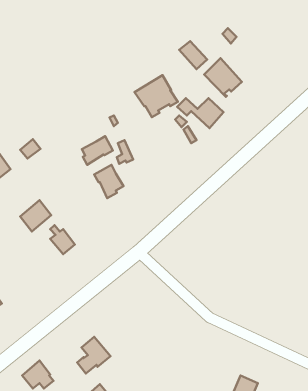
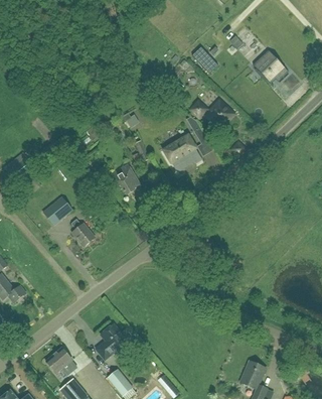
building: [204,58,242,97] -> [253,49,288,86]
building: [135,75,178,117] -> [162,134,202,173]
building: [82,136,113,165] -> none

